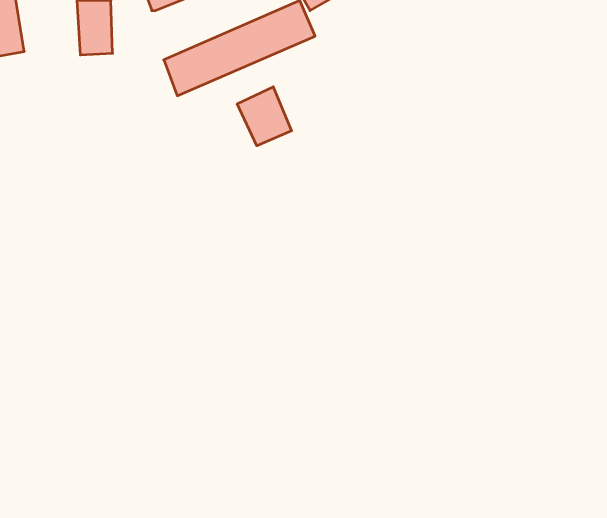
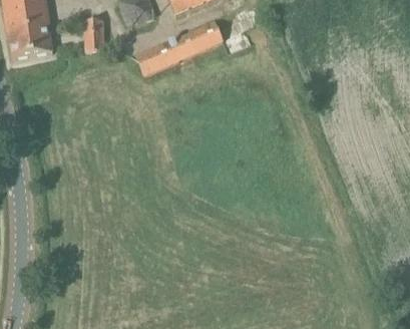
building: [237,87,292,146] -> none

